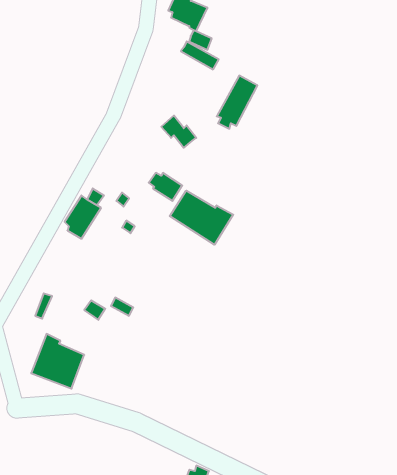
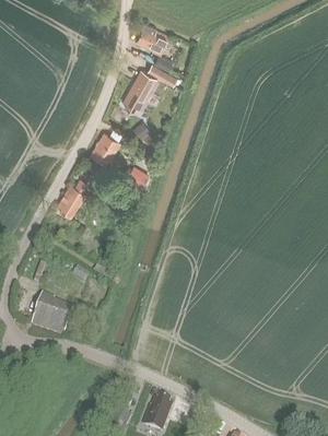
building: [217,76,257,129] -> [124,70,155,111]
building: none -> [93,132,119,164]
building: [170,191,233,245] -> none

